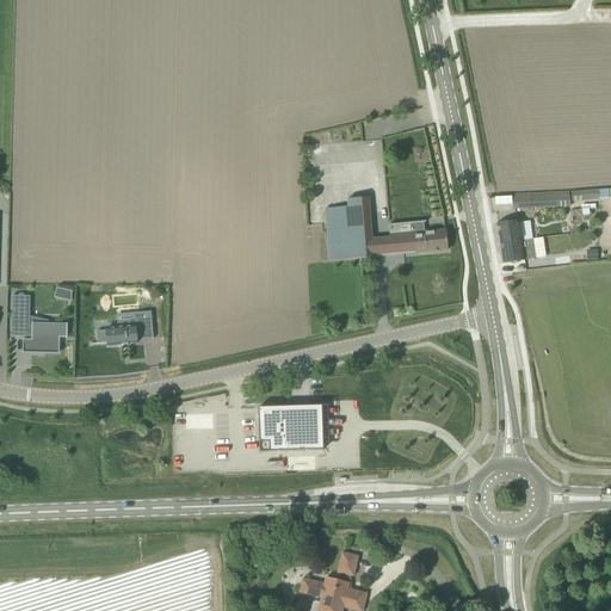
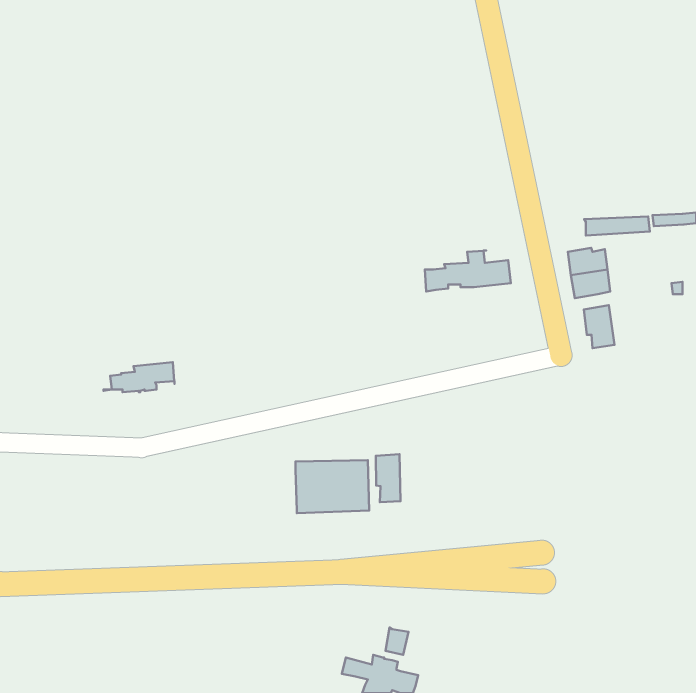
building: [326,196,374,258] -> none
building: none -> [584,305,615,348]
building: [11,294,67,351] -> none
building: none -> [376,454,401,502]

